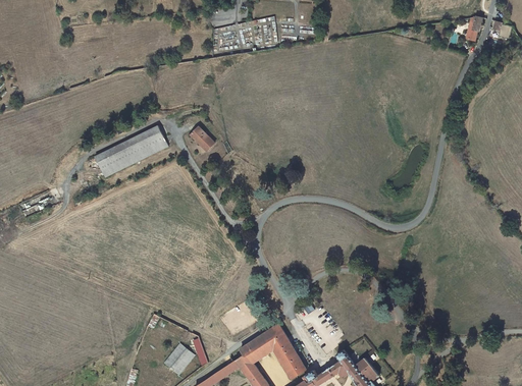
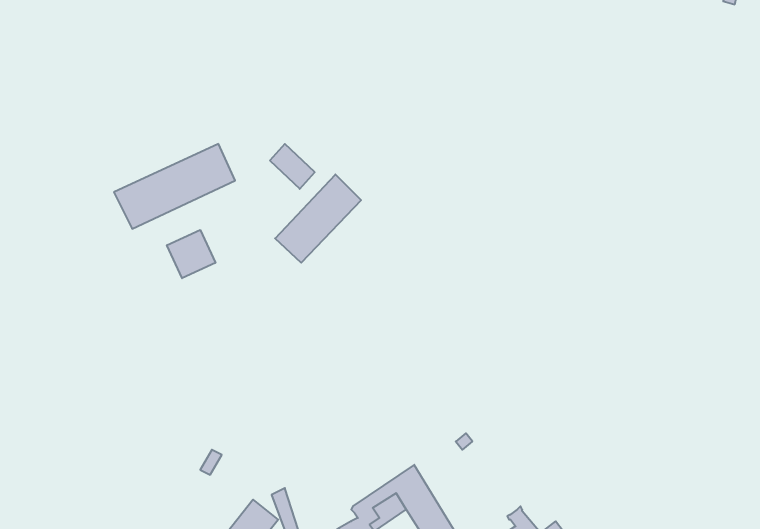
building: none -> [275,174,361,263]
building: none -> [167,230,215,278]

